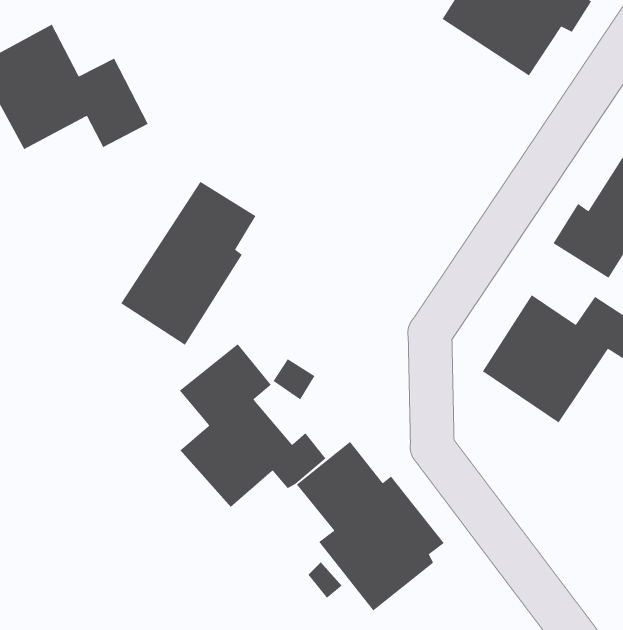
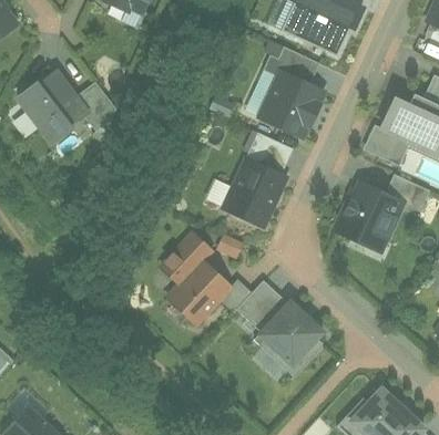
building: none -> [258,45,327,136]
building: [120,181,256,346] -> [221,132,292,228]

